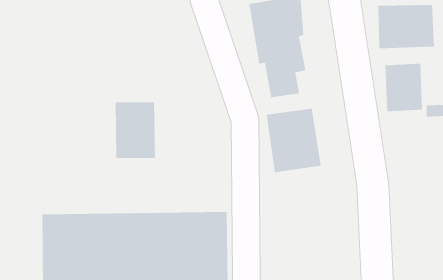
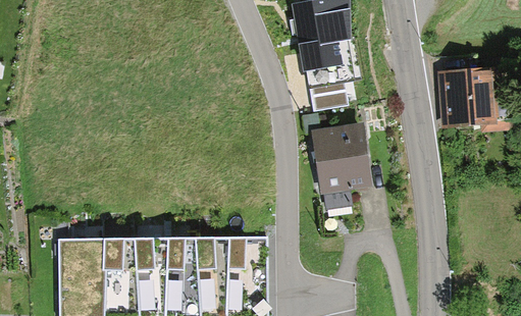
building: [378,4,434,49] -> none
building: [115,101,155,159] -> none

